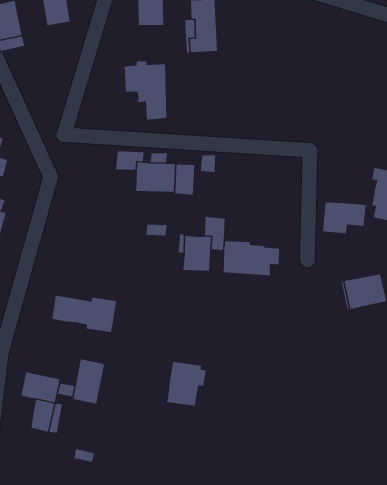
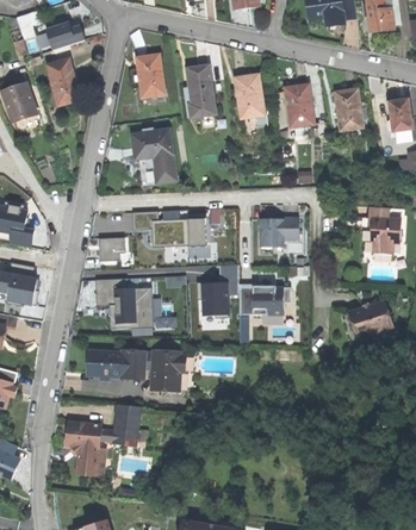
building: none -> [235,74,263,118]
building: none -> [285,85,313,126]
building: none -> [335,89,367,131]
building: none -> [98,237,124,261]
building: [322,202,366,234] -> [260,218,298,247]
building: none -> [94,279,153,329]
building: [166,361,207,406] -> [150,350,185,389]

